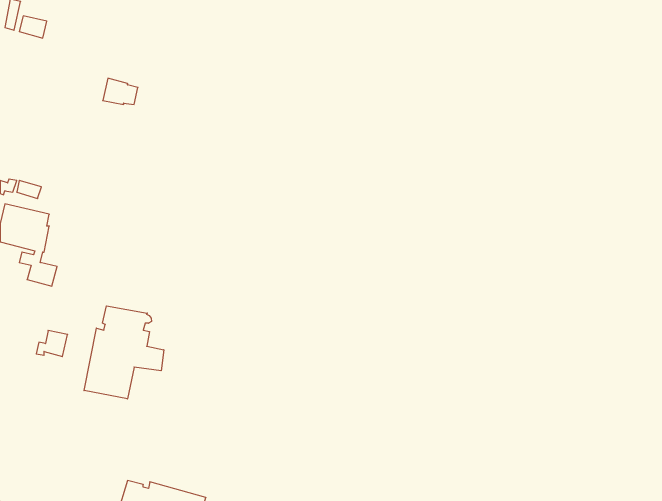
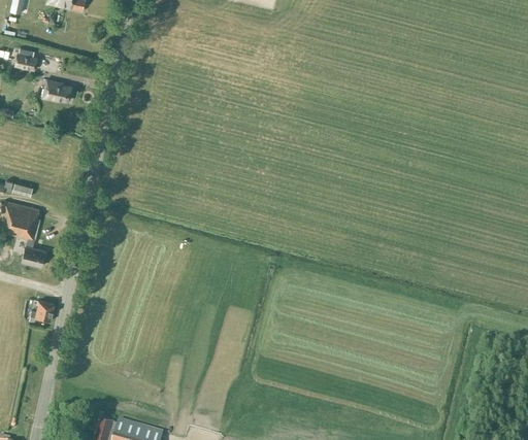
building: [103,78,138,104] -> [43,77,71,98]
building: [84,306,164,399] -> none

